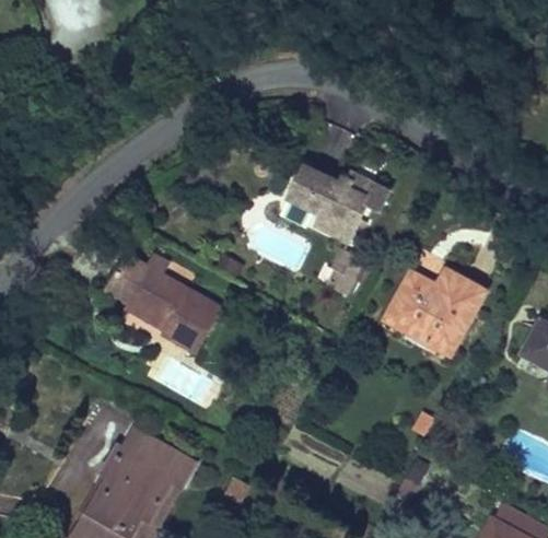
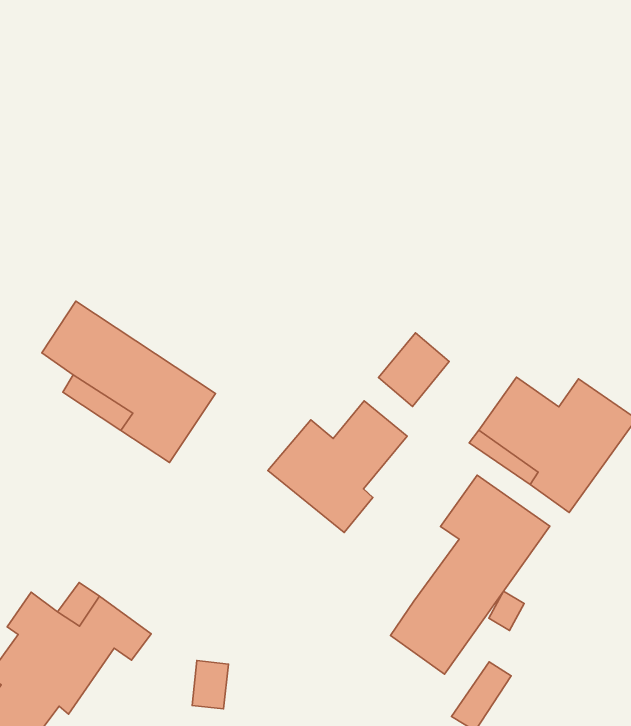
building: [284,164,395,242] -> none
building: none -> [268,401,407,532]
building: none -> [391,475,550,674]

